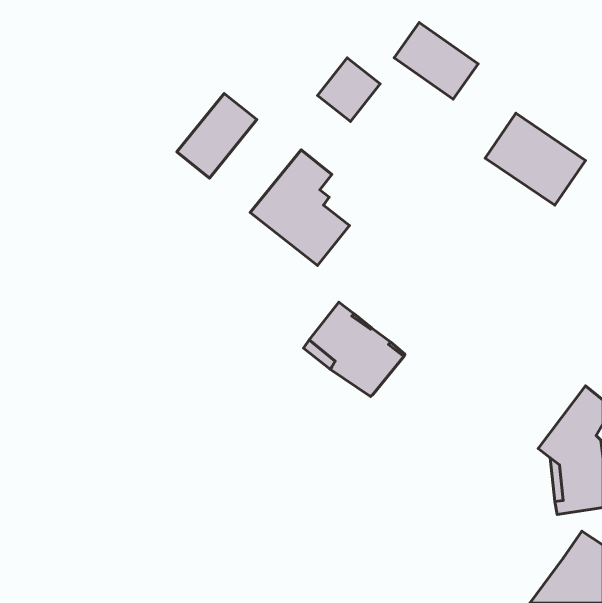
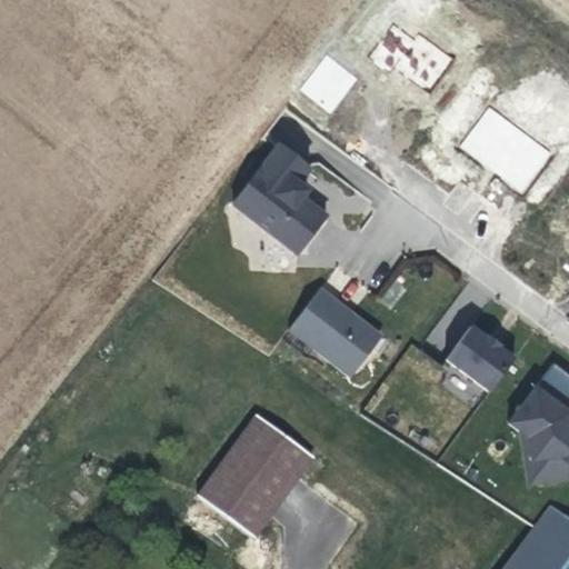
building: [177,93,257,178] -> none
building: none -> [447,326,515,391]
building: none -> [196,419,312,543]

